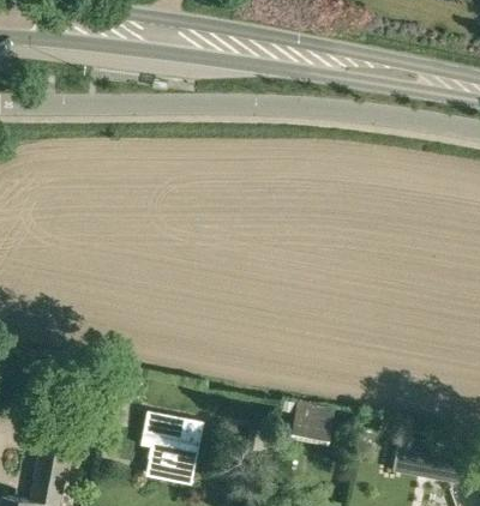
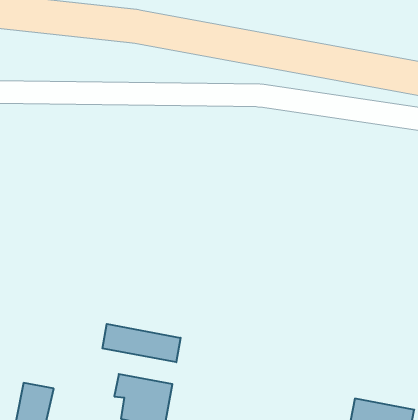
building: none -> [102,324,181,362]
building: [289,408,334,450] -> none

